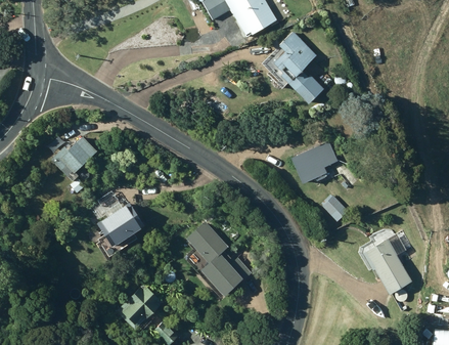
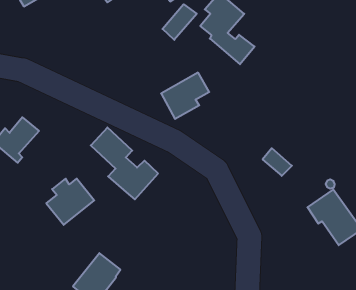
building: none -> [162,4,197,40]
building: [289,140,338,184] -> [161,73,209,119]
building: [189,221,254,296] -> [91,127,158,199]

